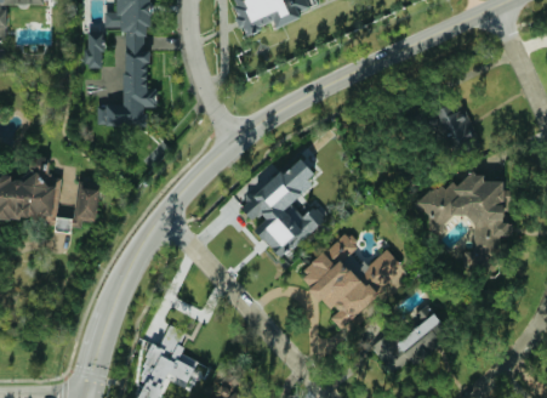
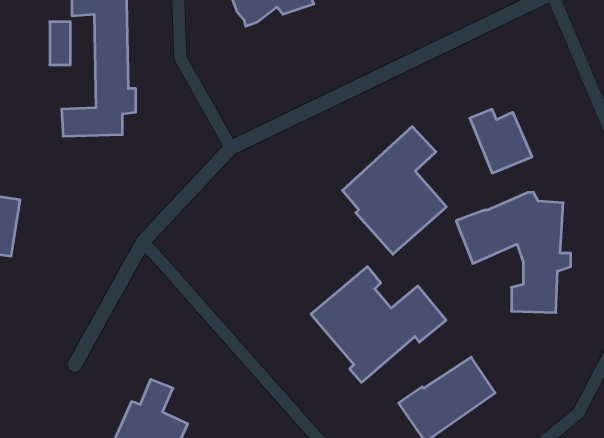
building: [241,155,326,260] -> [342,127,446,254]
building: [73,181,98,227] -> none

